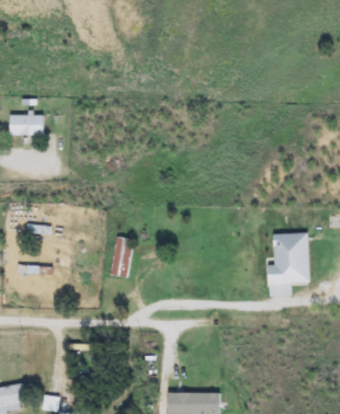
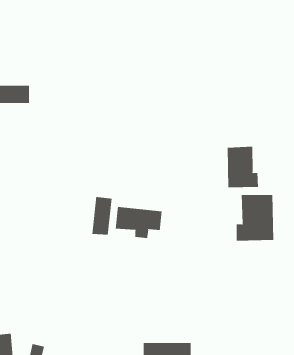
building: none -> [227,146,259,188]
building: none -> [115,206,162,239]

